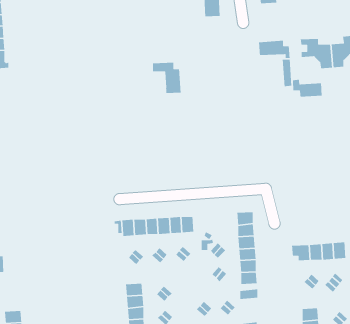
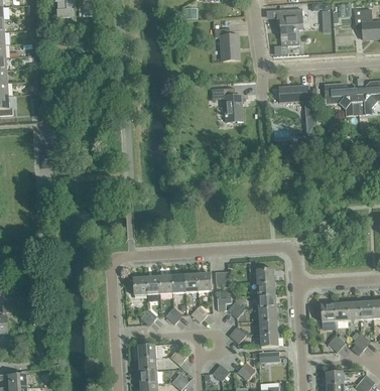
building: [152,62,182,94] -> [212,87,243,121]
building: [292,79,323,98] -> none

